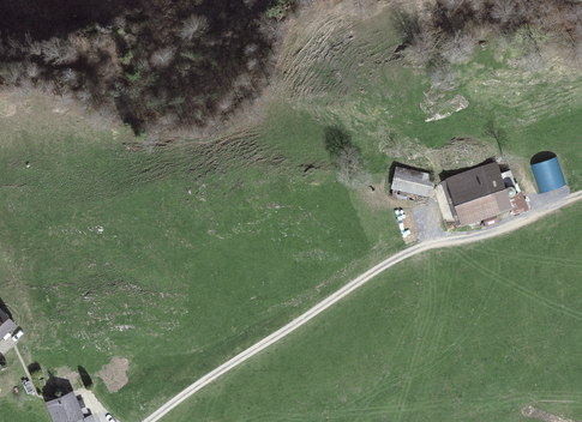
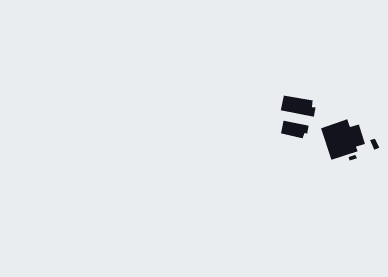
building: none -> [280,95,316,117]

